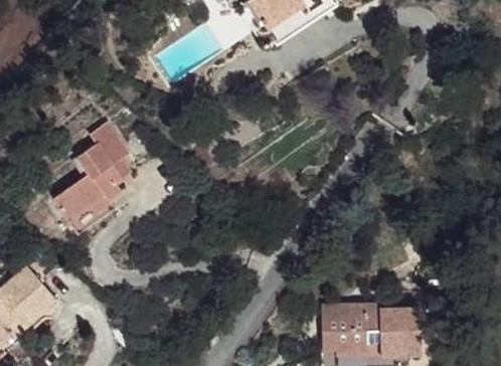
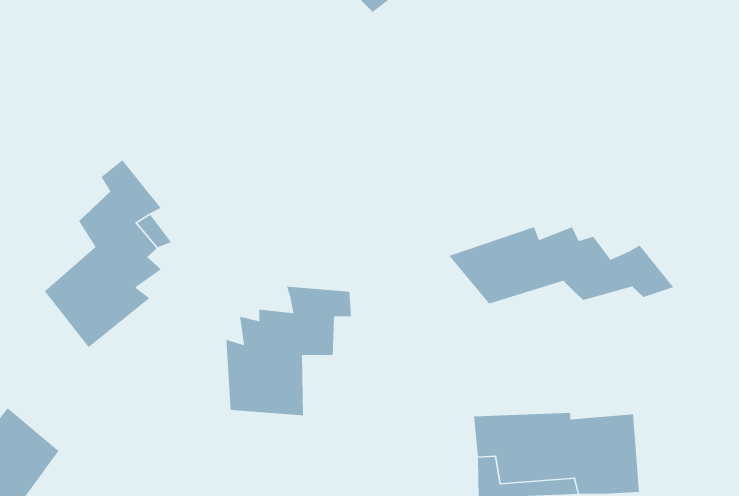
building: none -> [448,226,674,304]
building: none -> [225,286,352,416]

